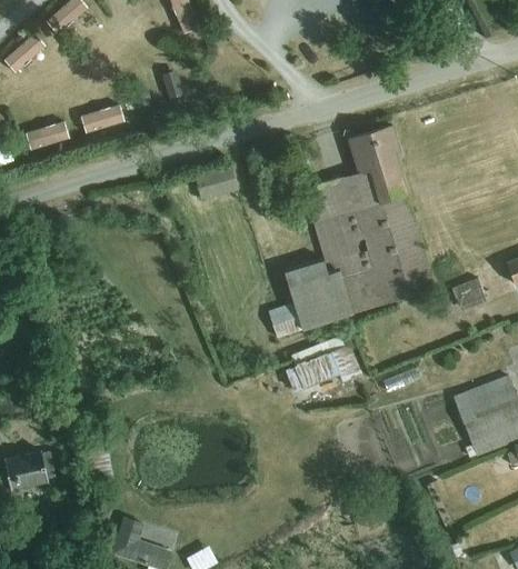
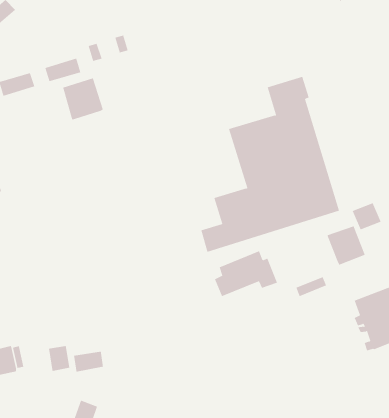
building: none -> [62,77,104,120]
building: [196,167,239,200] -> none
building: none -> [327,225,366,266]
building: none -> [74,351,103,372]

